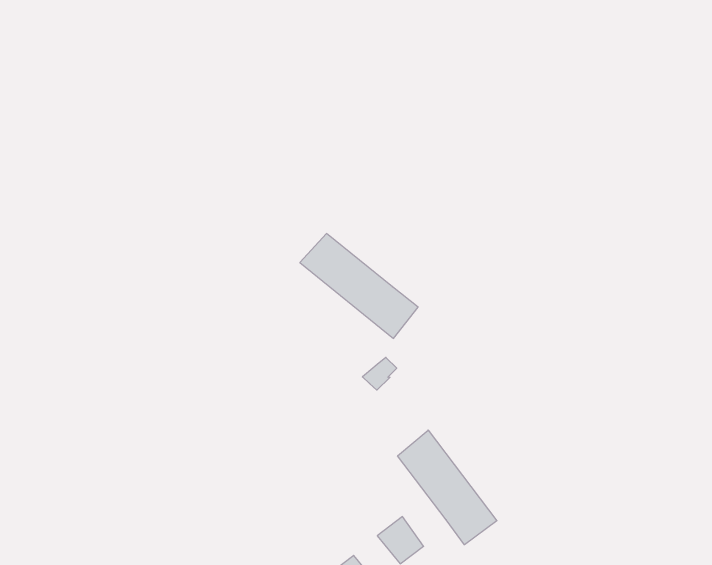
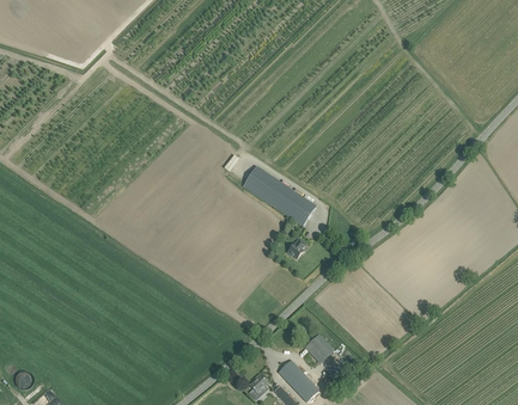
building: [398,430,497,545] -> none

